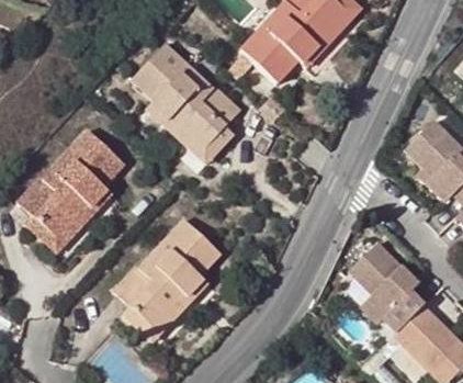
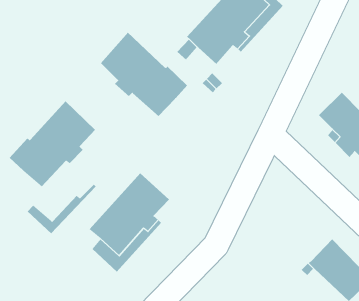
building: [146,106,235,165] -> none
building: [25,190,113,254] -> [27,184,96,234]
building: [349,241,424,330] -> none

